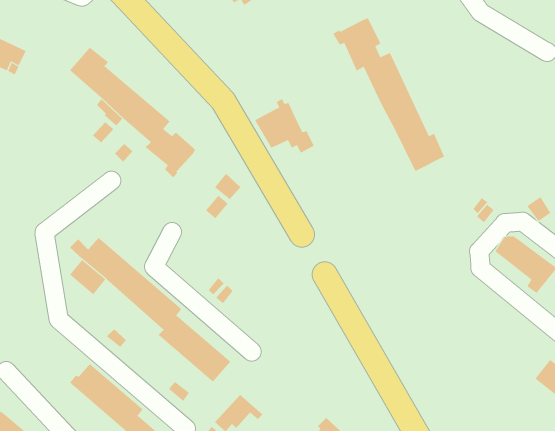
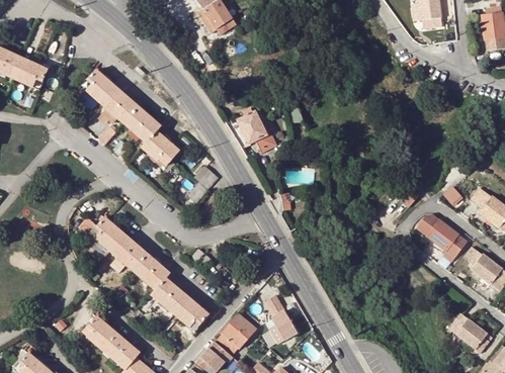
building: [333,18,445,172] -> none
building: none -> [264,293,297,339]
building: none -> [218,313,255,352]

